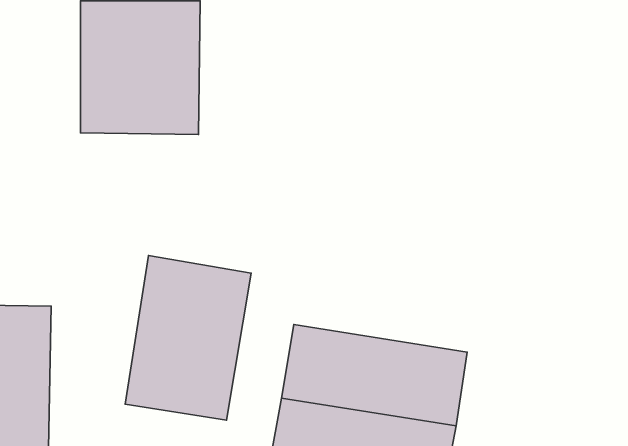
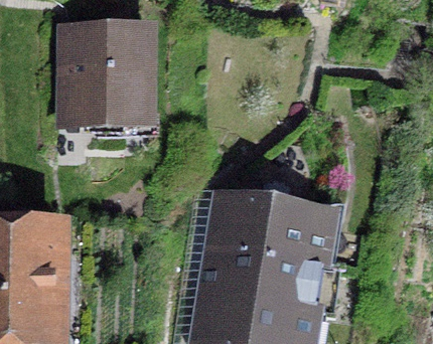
building: none -> [209,195,331,264]
building: [125,256,251,420] -> none

